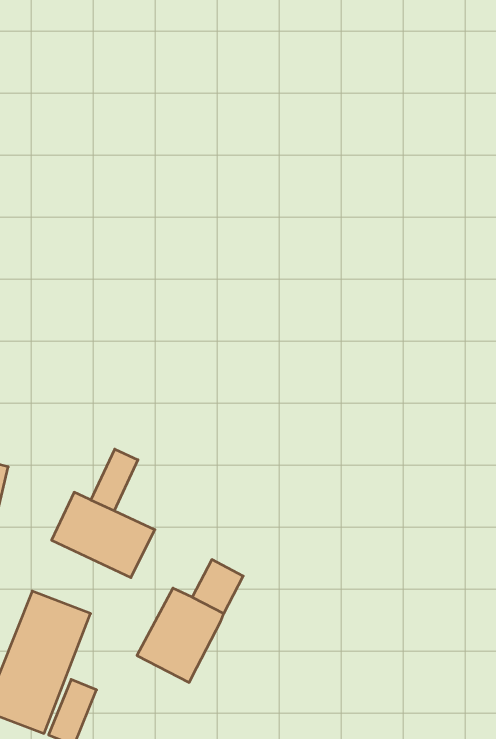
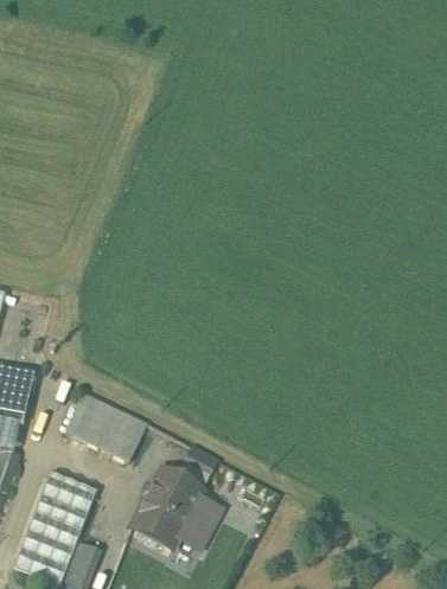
building: [91,449,138,511] -> none
building: none -> [180,495,221,543]

